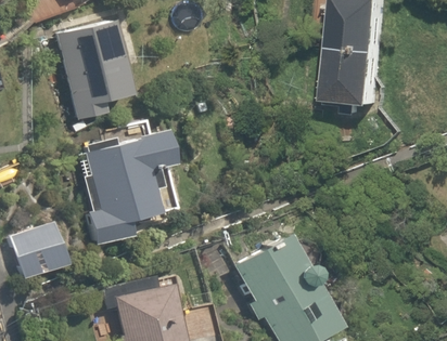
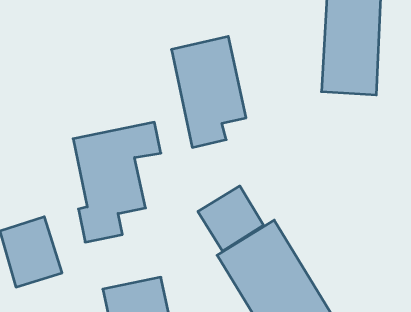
building: [53,16,127,126] -> [171,36,246,147]
building: none -> [198,186,263,251]

